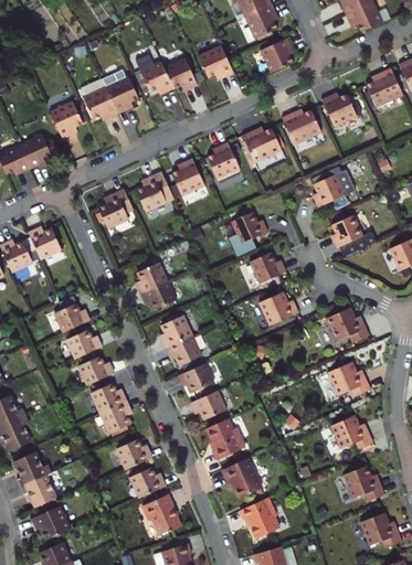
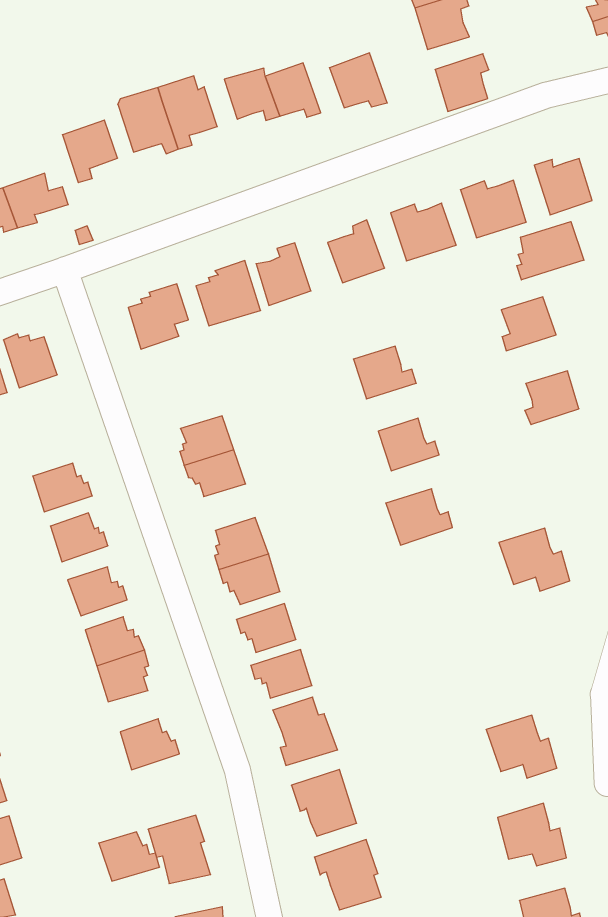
building: none -> [517,222,584,280]
building: [327,361,370,397] -> none
building: [130,467,167,497] -> [99,832,160,881]

